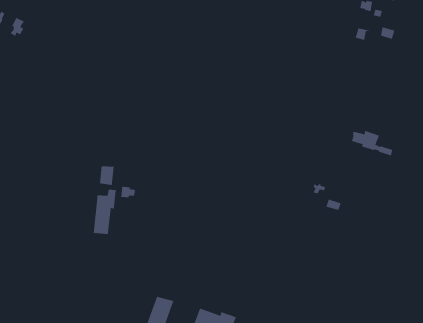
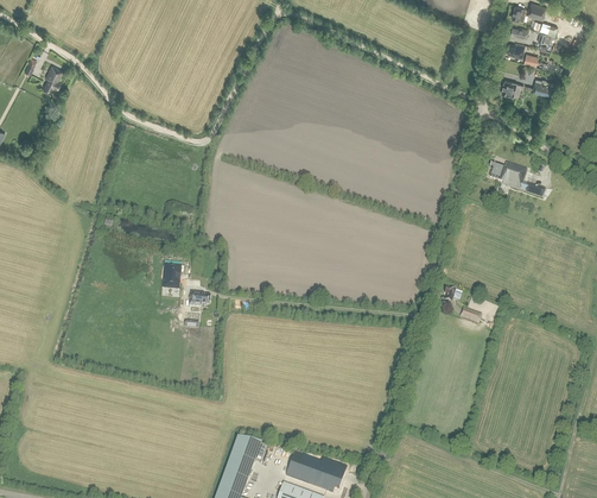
building: [351,130,393,156] -> [488,163,544,197]
building: [93,189,117,235] -> none

